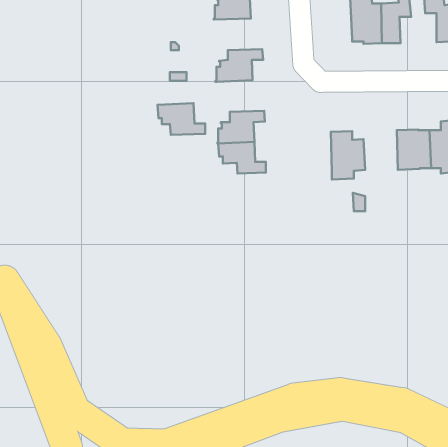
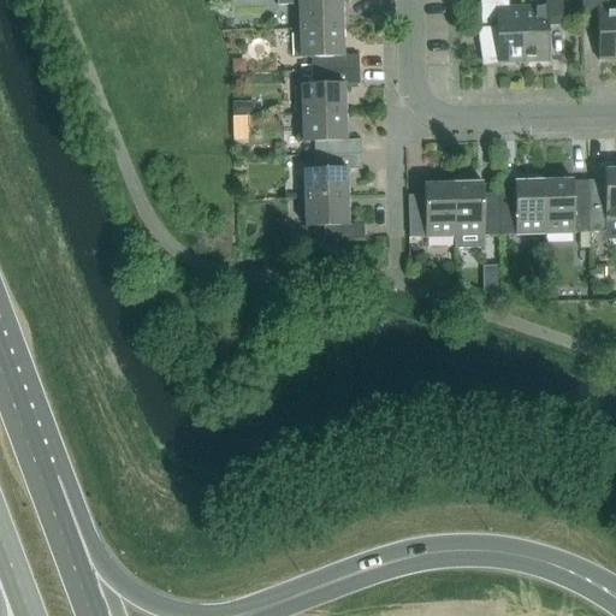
building: none -> [295,25,361,69]
building: [158,103,205,135] -> [298,109,363,153]
building: none -> [499,178,546,233]
building: none -> [409,180,456,236]

